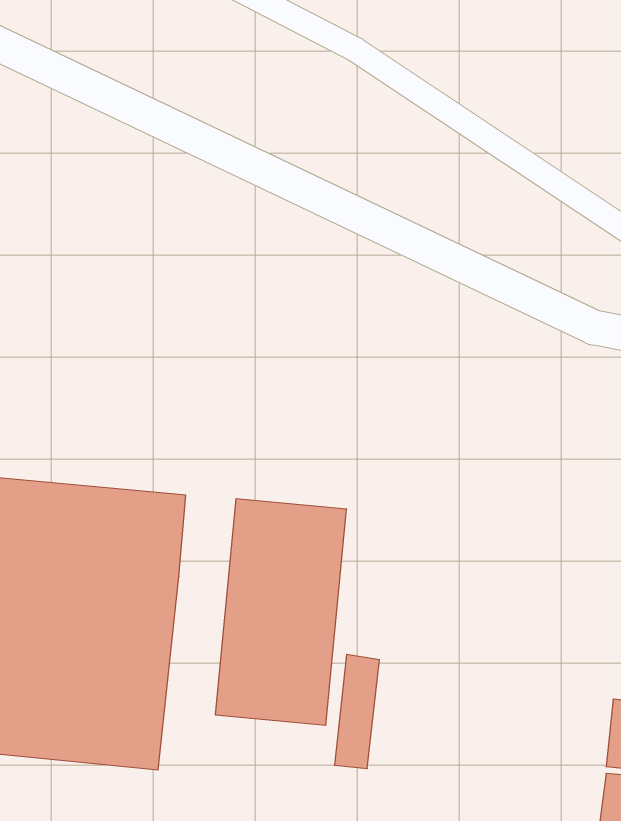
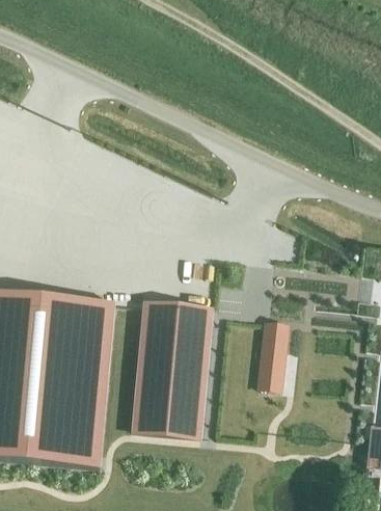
building: [334,655,379,769] -> [258,321,285,389]

